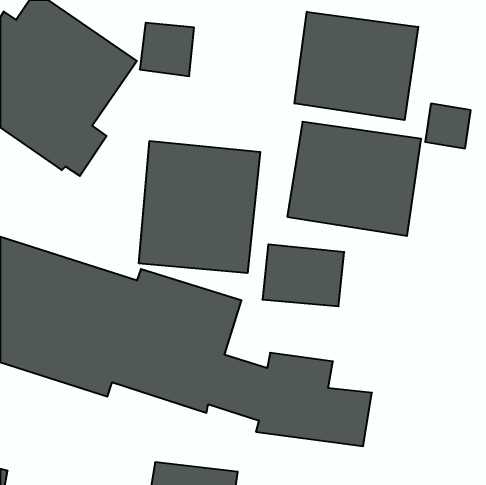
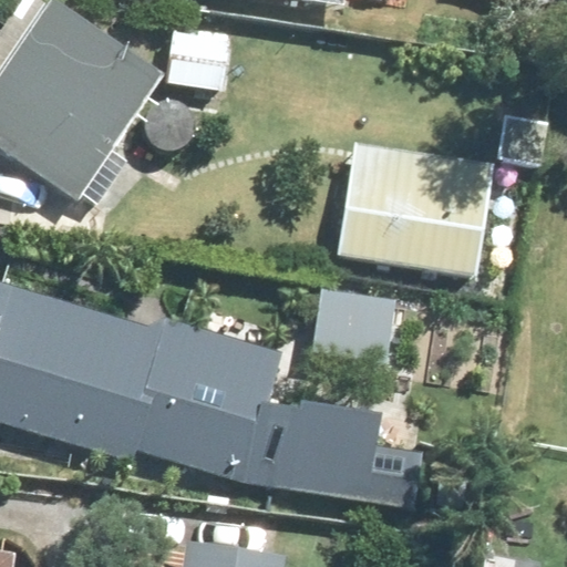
building: [295,12,418,120] -> none
building: [139,141,260,273] -> none

